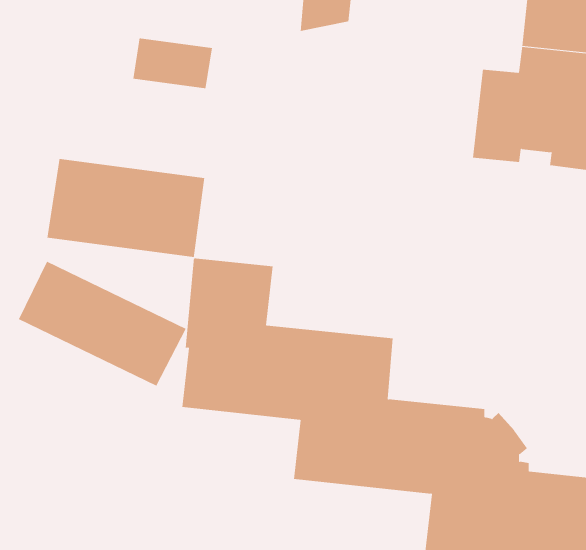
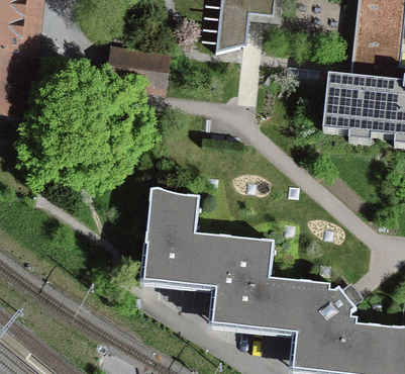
building: [47,158,205,258] -> none
building: [18,261,187,386] -> none

